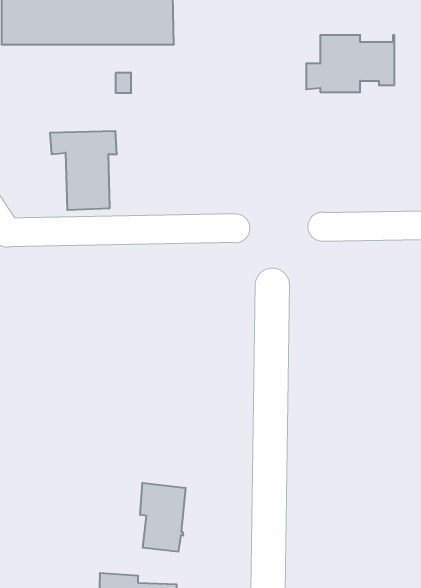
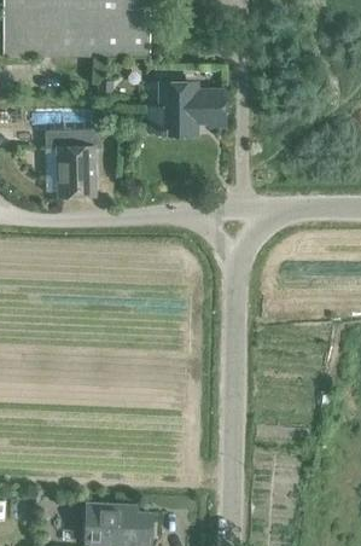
building: [306,35,394,92] -> [150,83,225,132]
building: [140,483,185,552] -> none

